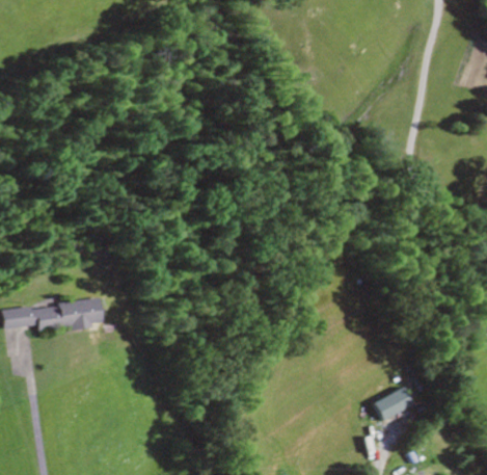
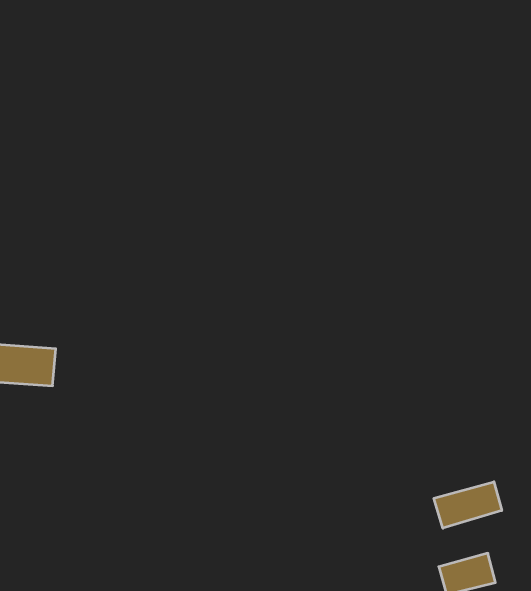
building: none -> [434,482,502,528]

